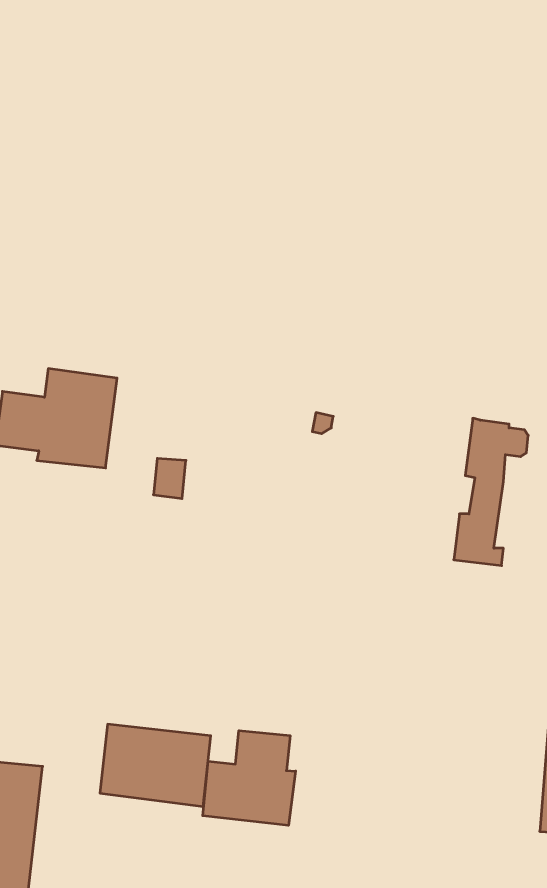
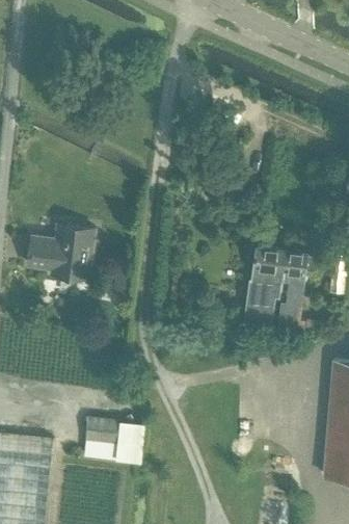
building: none -> [243,247,288,328]
building: [203,731,296,825] -> none

